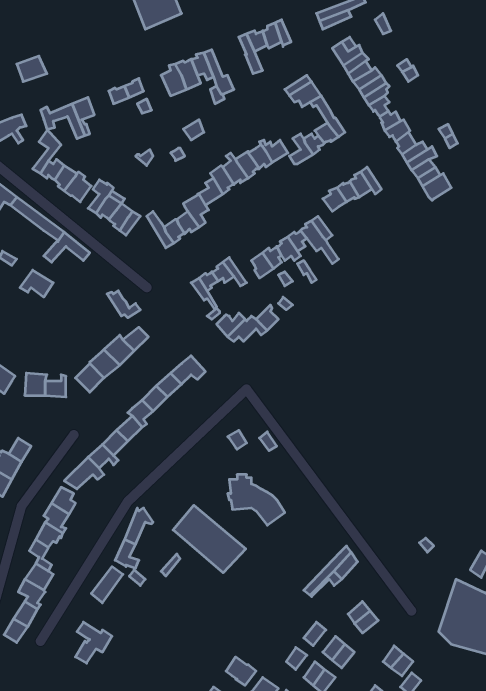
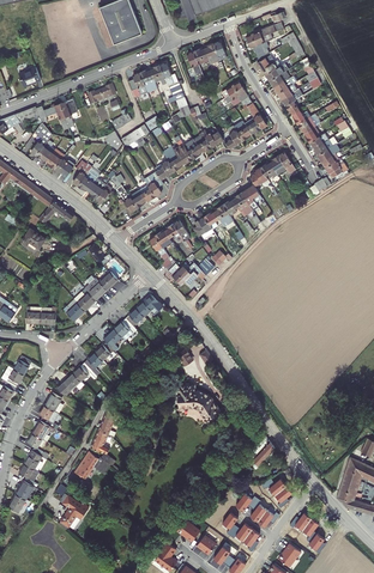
building: [173,505,246,573] -> none

